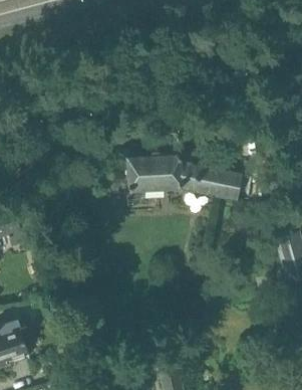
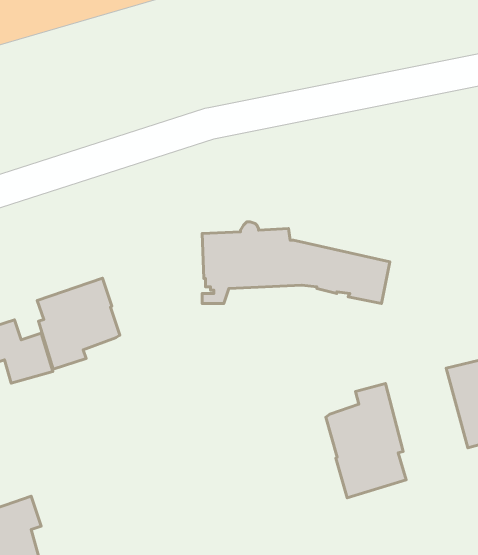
building: none -> [37,278,120,369]
building: none -> [326,383,406,498]

